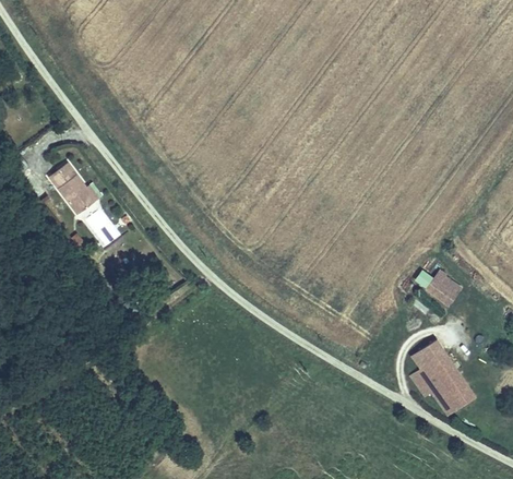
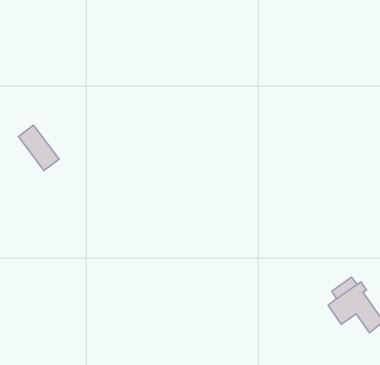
building: [85,209,120,249] -> none
building: [423,270,458,303] -> none

